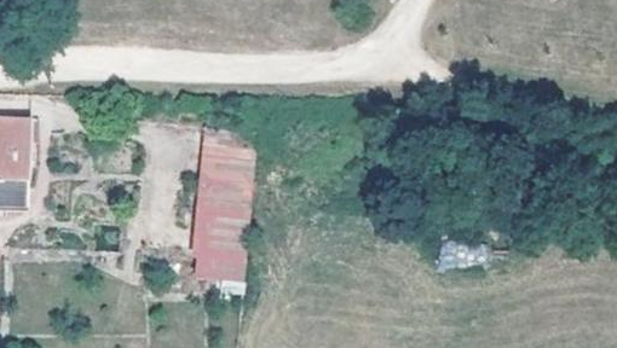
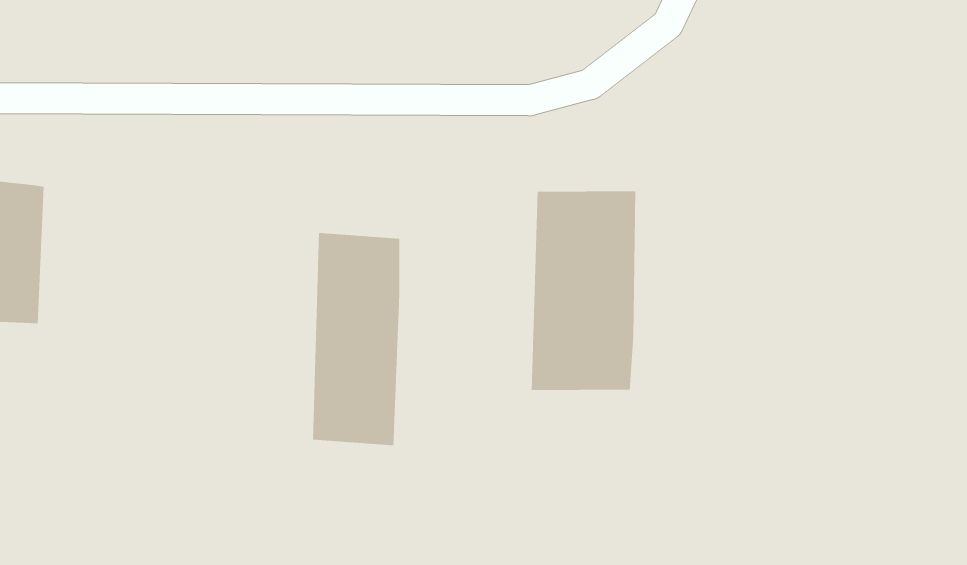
building: none -> [531,191,636,391]

